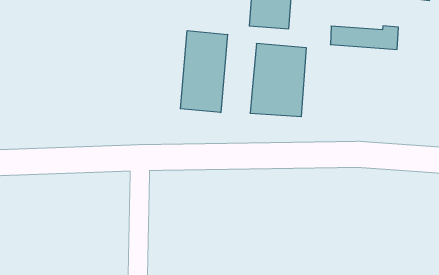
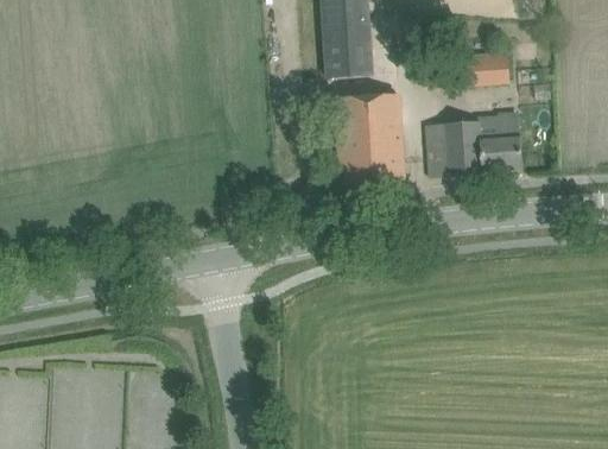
building: [180,31,228,113] -> none
building: none -> [428,114,524,176]

